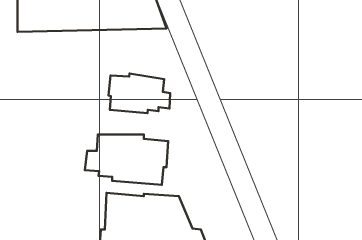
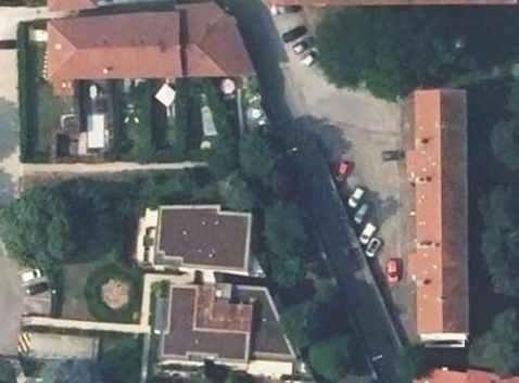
building: none -> [410,99,463,340]
building: [109,73,170,113] -> none

